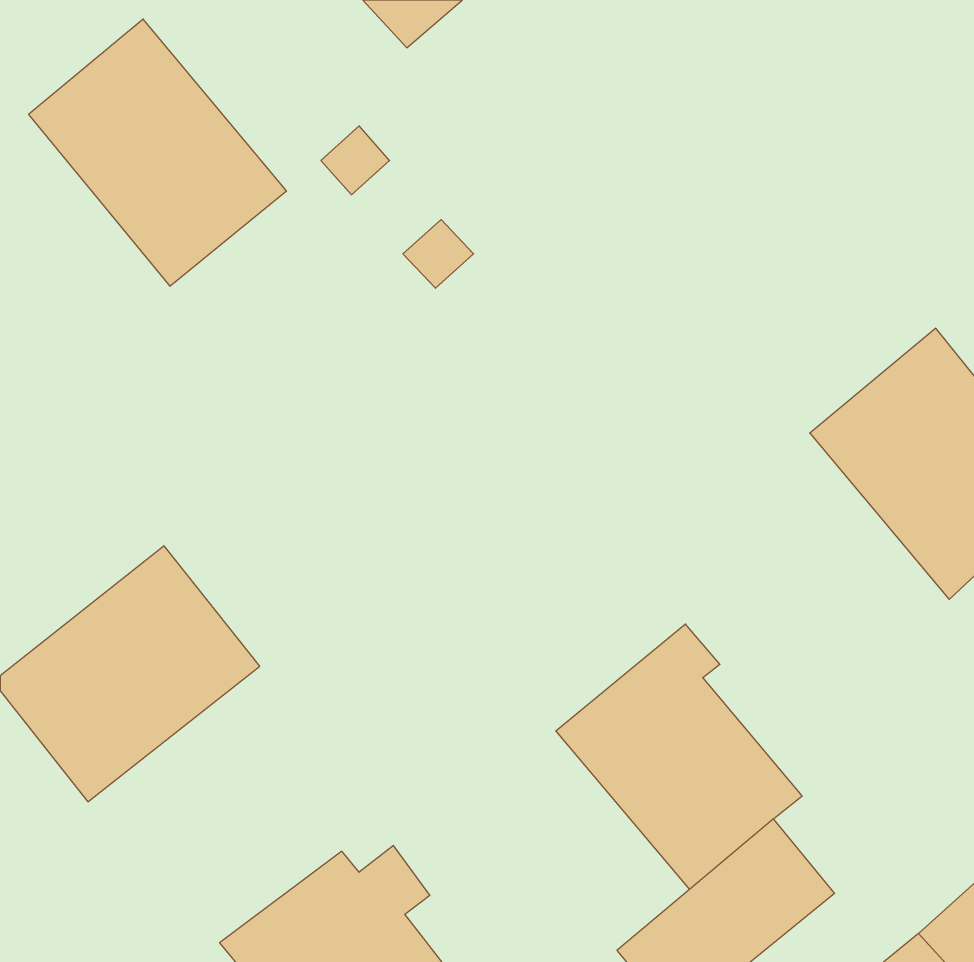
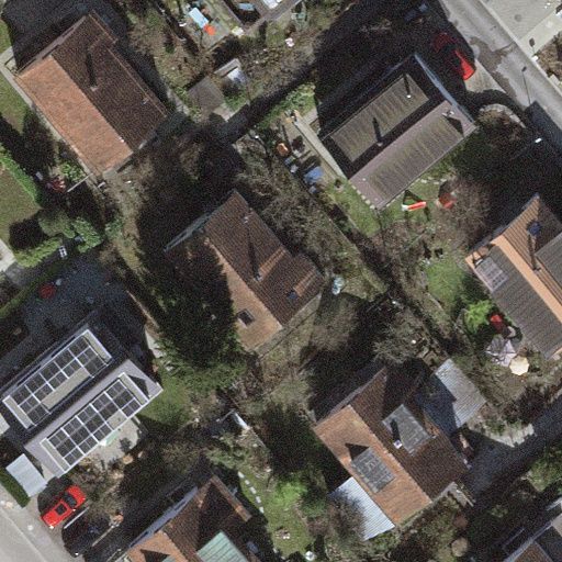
building: none -> [324,58,473,203]
building: none -> [168,194,315,346]

